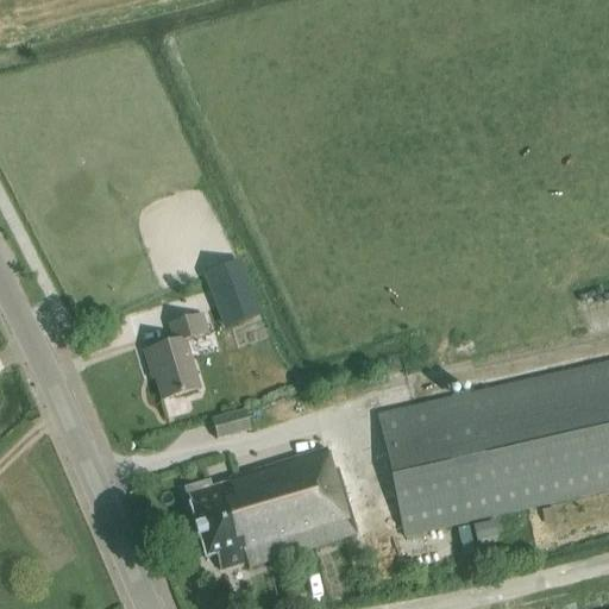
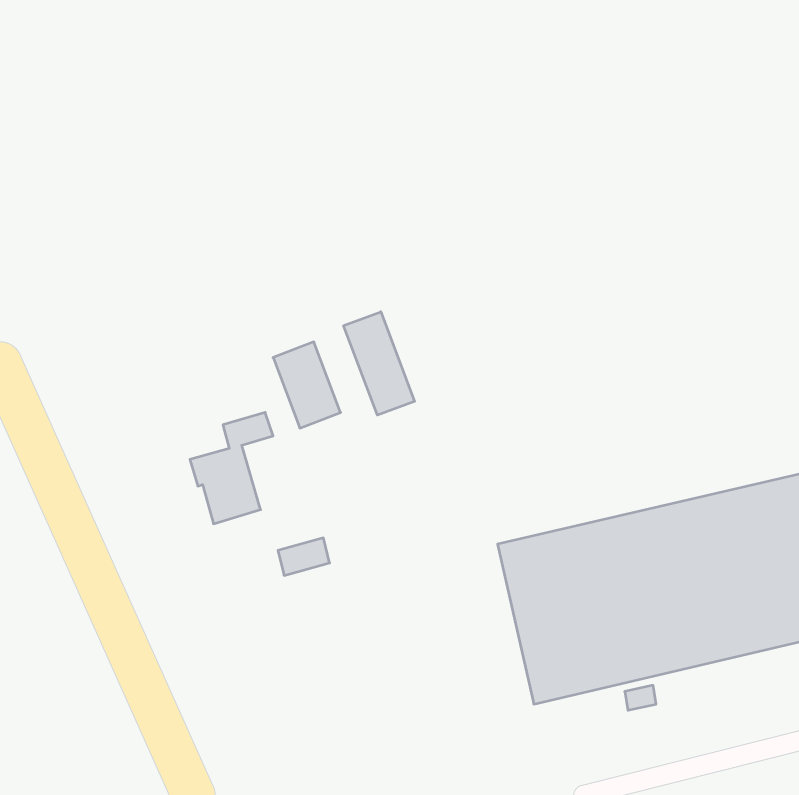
building: none -> [344,312,415,415]
building: [187,446,359,567] -> none

